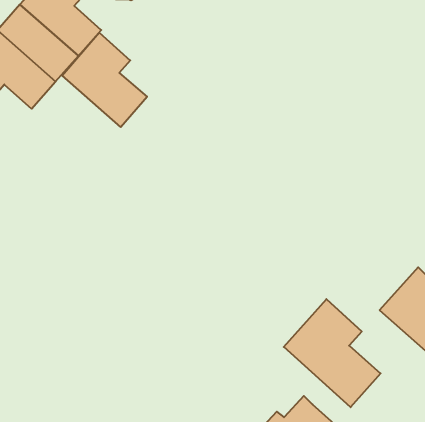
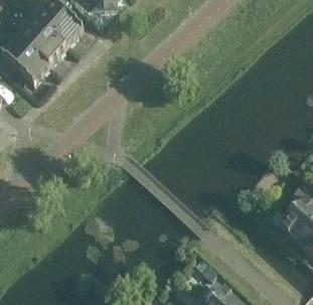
building: [62,33,147,127] -> none
building: [284,299,381,407] -> none

